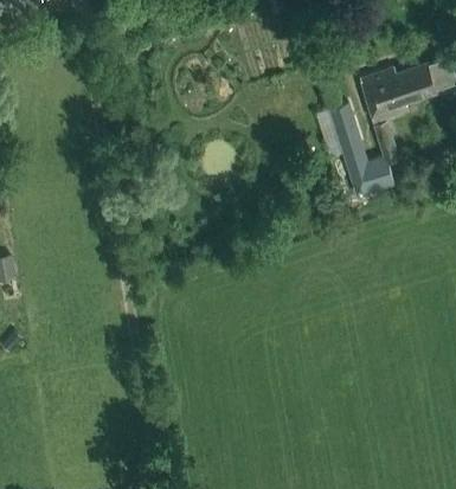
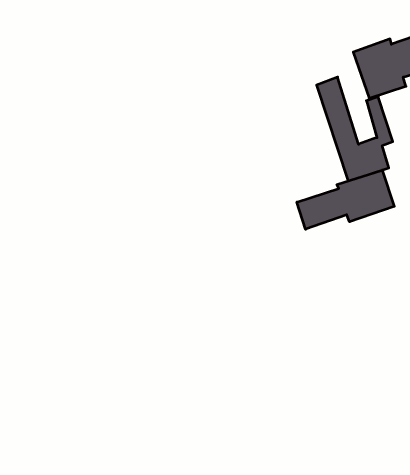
building: none -> [297,170,394,229]

